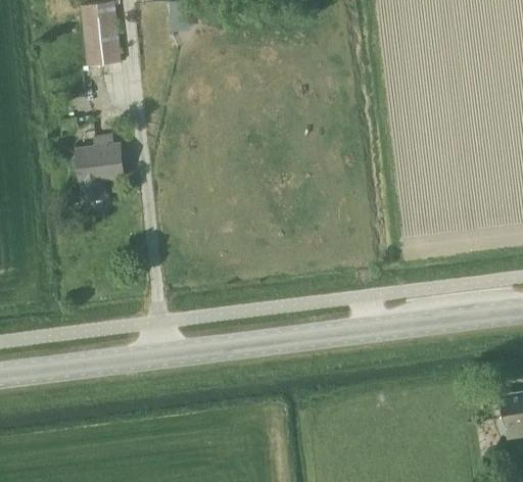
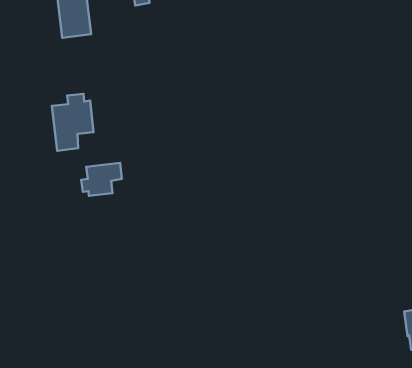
building: none -> [81,163,122,196]

